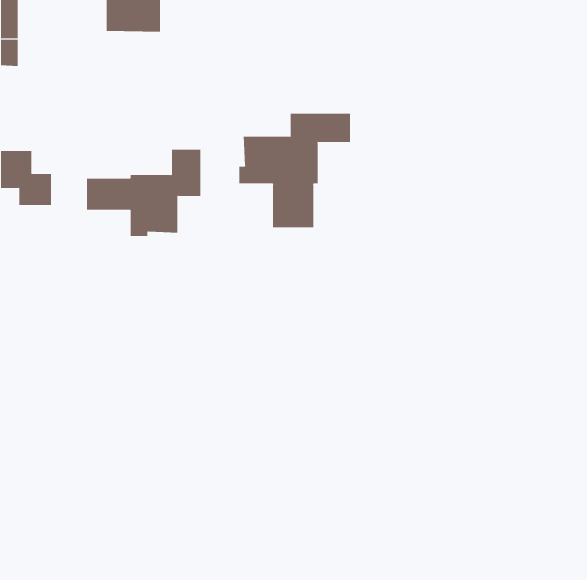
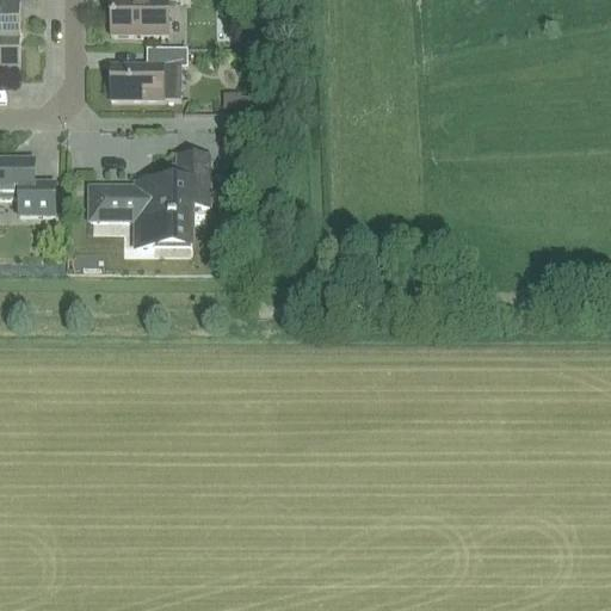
building: none -> [110,45,186,98]
building: [239,113,350,228] -> none

